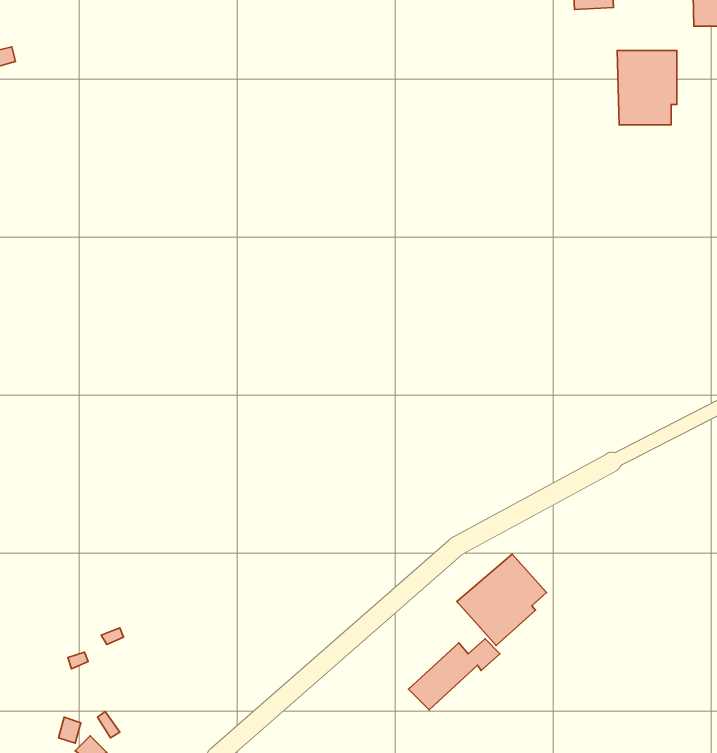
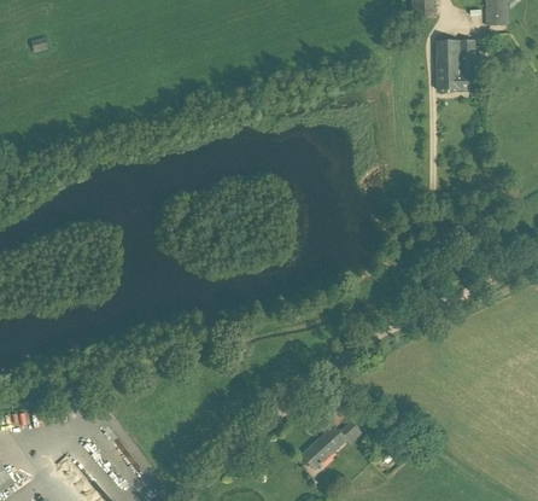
building: [457,554,547,645] -> none

